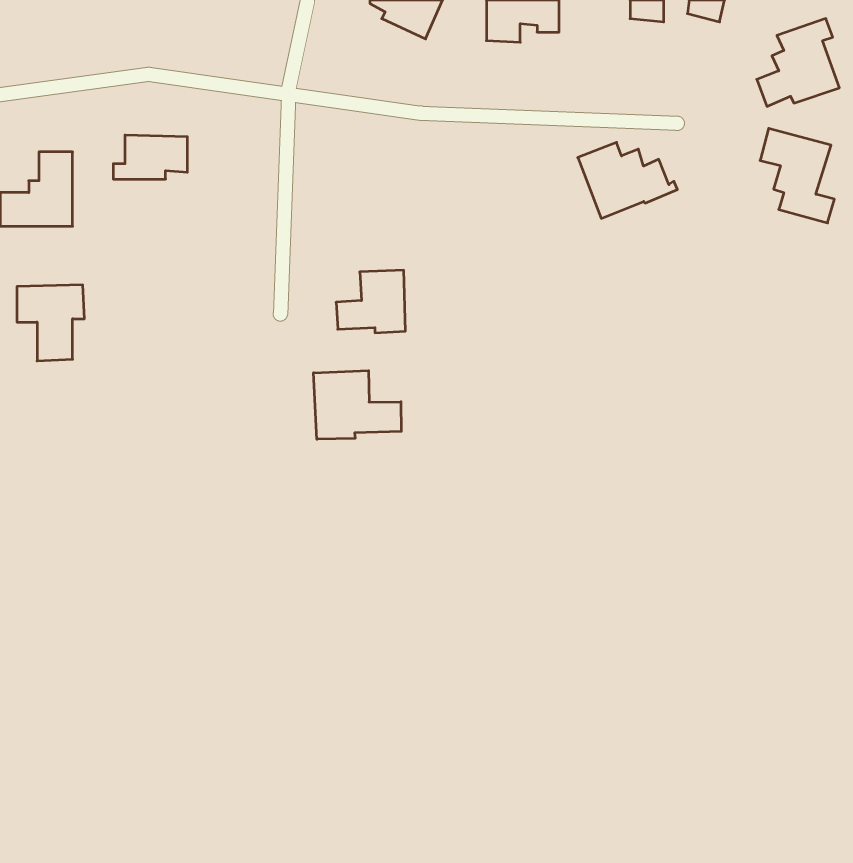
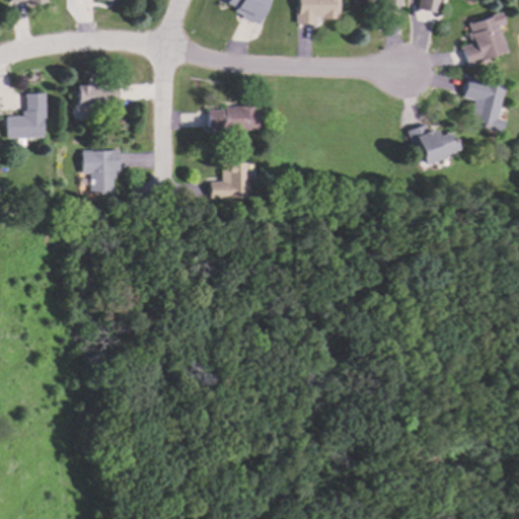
building: [578,142,677,218] -> [404,122,464,167]
building: none -> [210,103,263,130]
building: [17,285,84,361] -> [82,148,123,194]
building: [314,371,401,439] -> none

